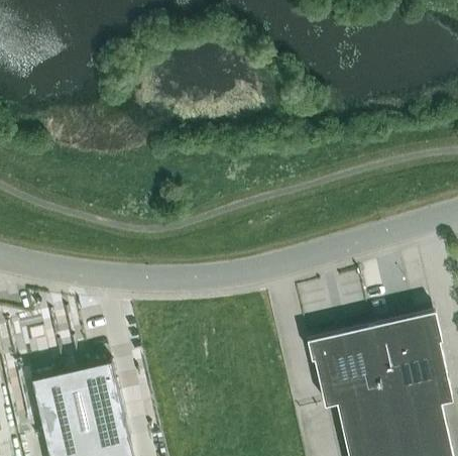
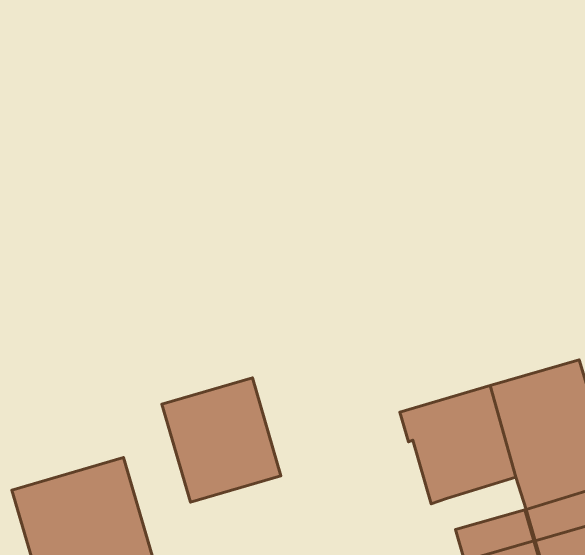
building: none -> [162,378,281,502]
building: [336,393,391,428] -> none

